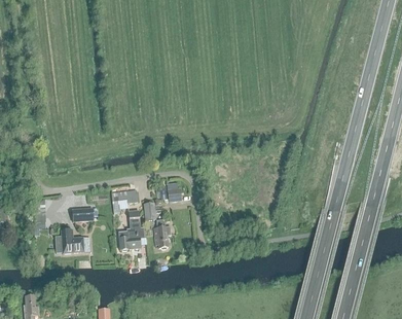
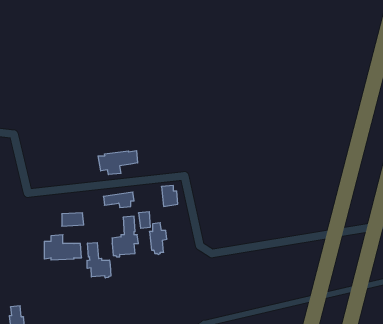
building: none -> [98,151,138,175]
building: none -> [87,243,111,278]

